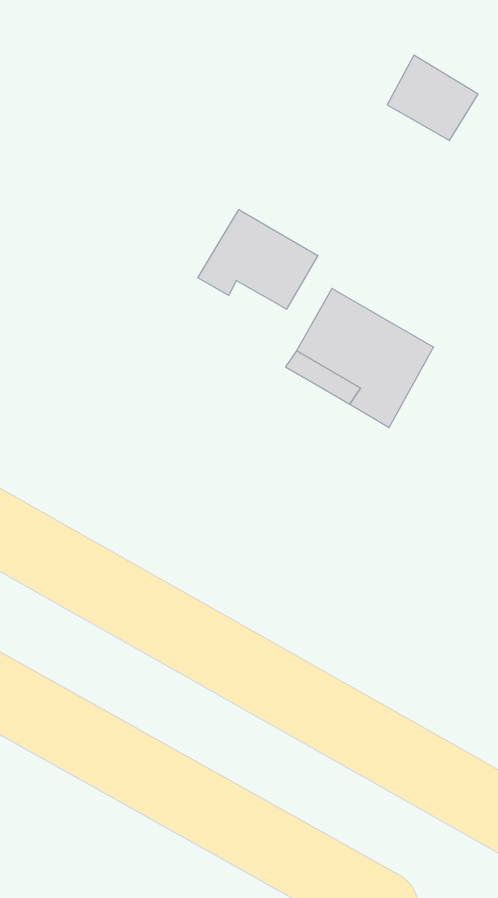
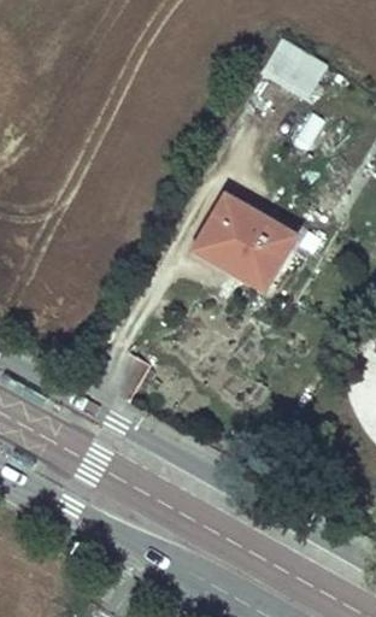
building: [198,210,318,309] -> none

